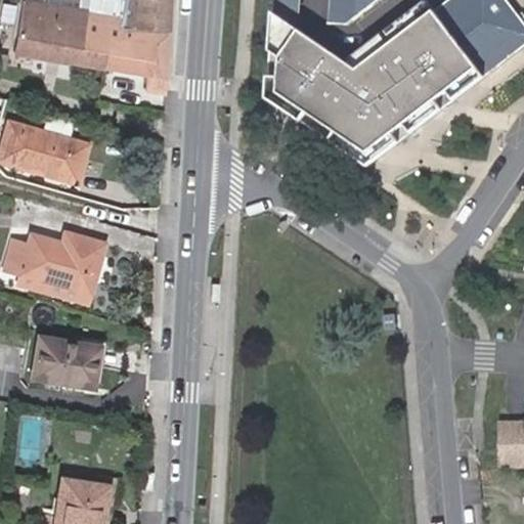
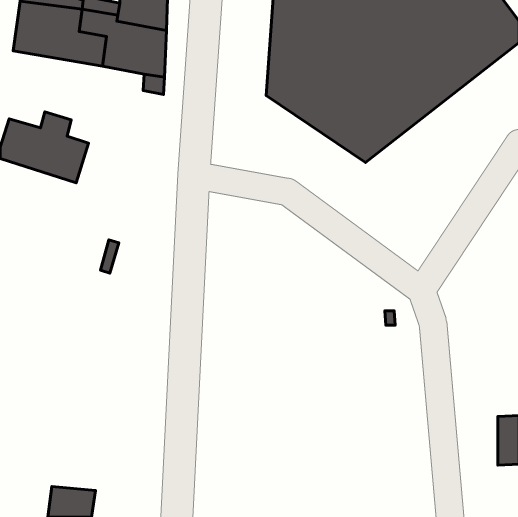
building: [6,233,105,304] -> none
building: [33,336,99,386] -> none

